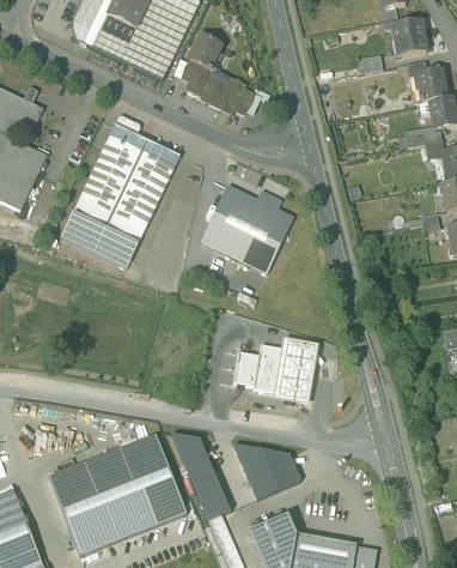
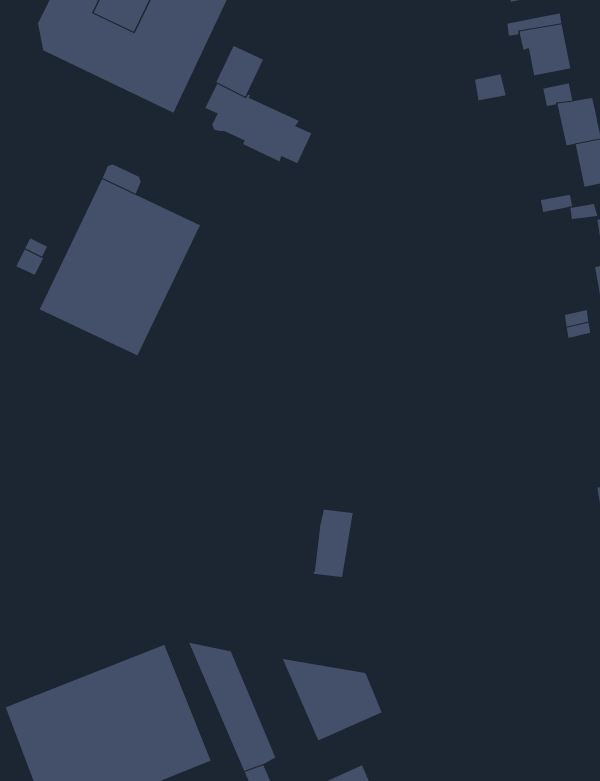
building: [201,185,293,272] -> none
building: [61,211,138,266] -> none
building: [273,337,318,403] -> none
building: [233,351,258,385] -> none

